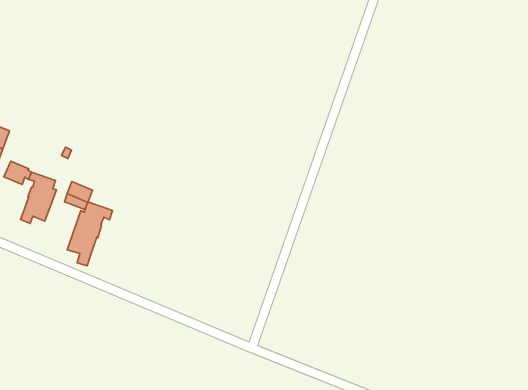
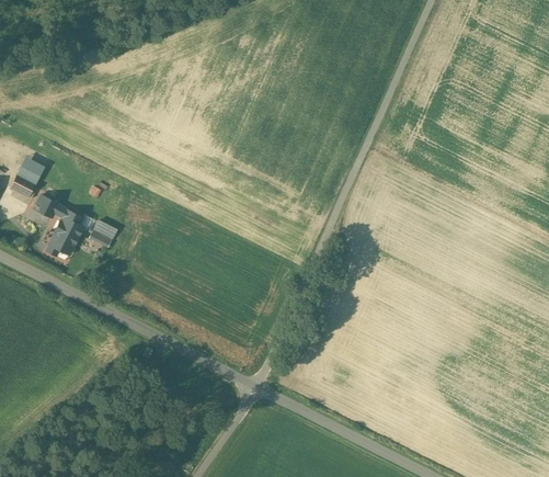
building: [67,202,113,266] -> none

